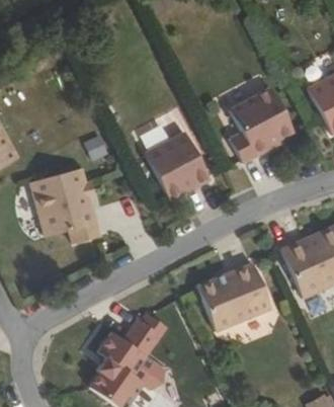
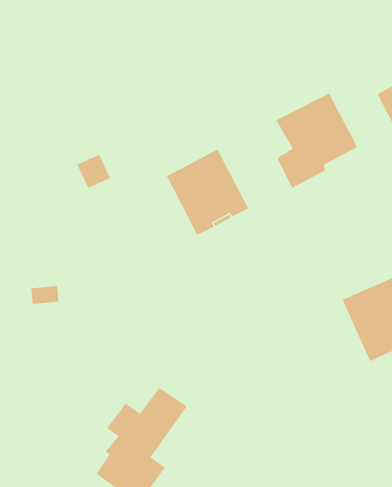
building: [32,167,102,243] -> none
building: [198,262,273,330] -> none

